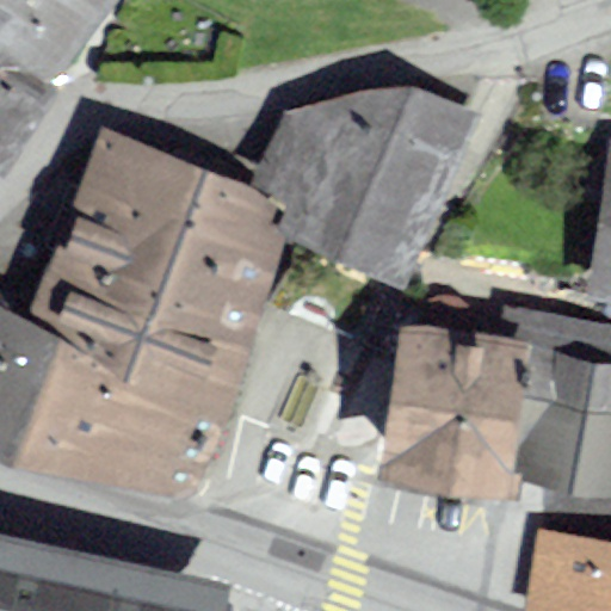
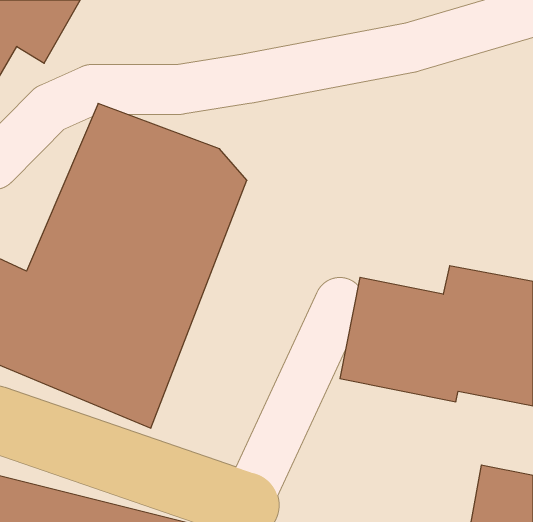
building: [248,92,463,276] -> none

